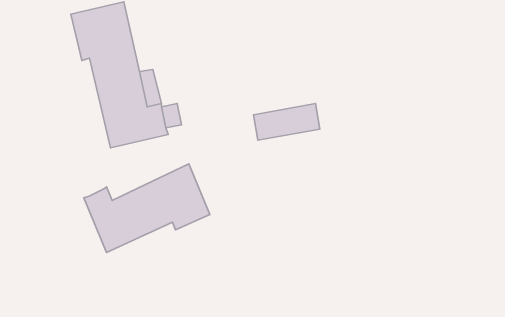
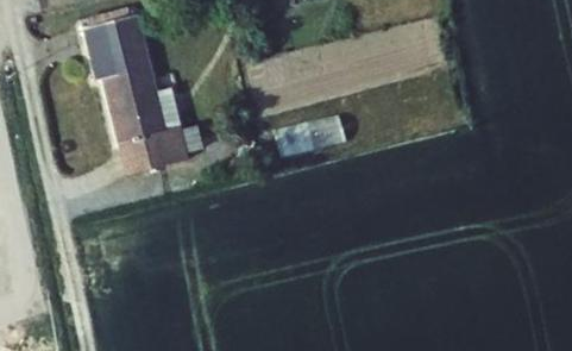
building: [84,164,210,253] -> none

